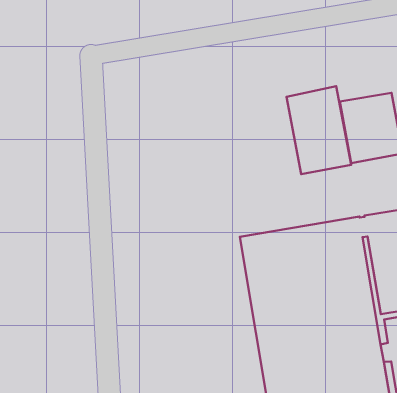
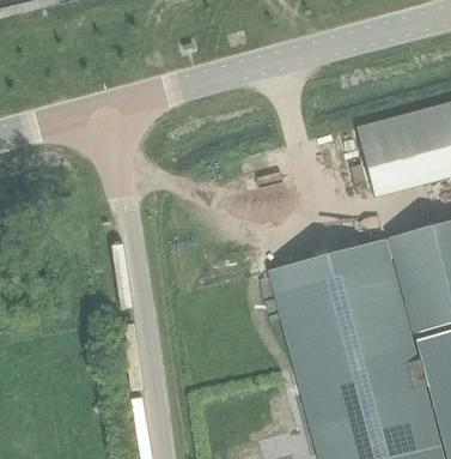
building: [286,86,351,174] -> none

